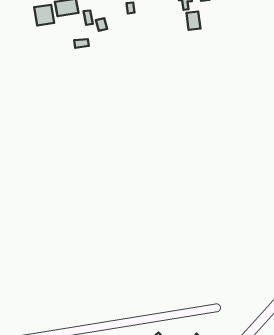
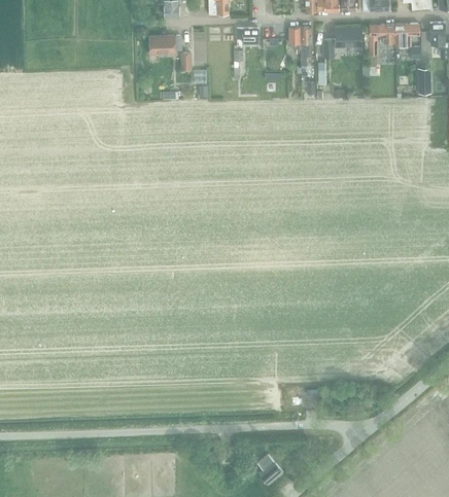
building: [34,5,54,26] -> none

